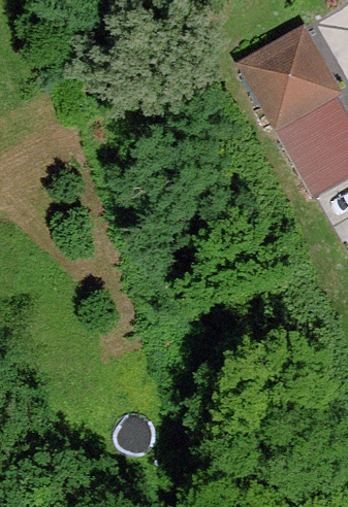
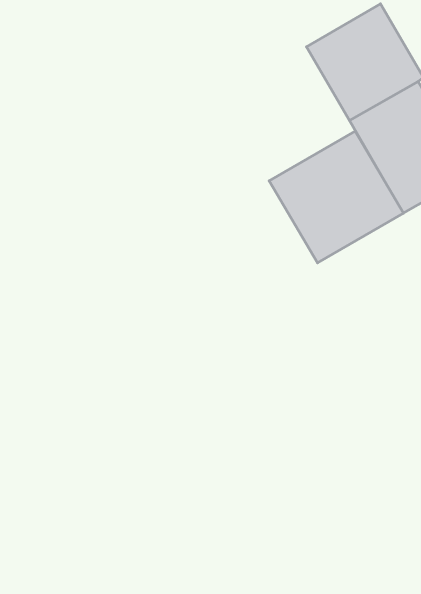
building: none -> [269,131,403,263]

